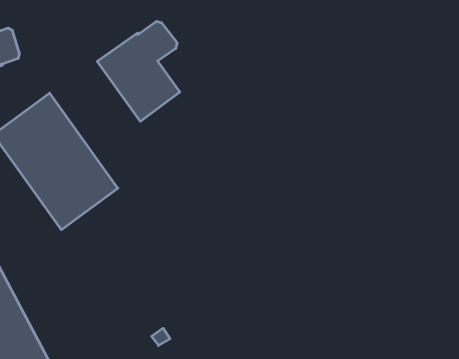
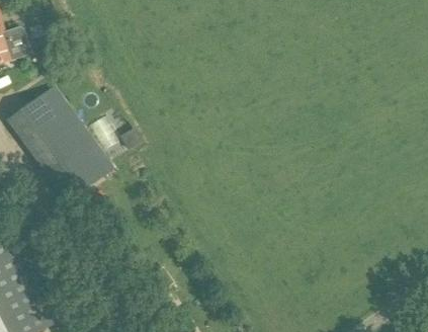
building: [97,21,180,121] -> none

